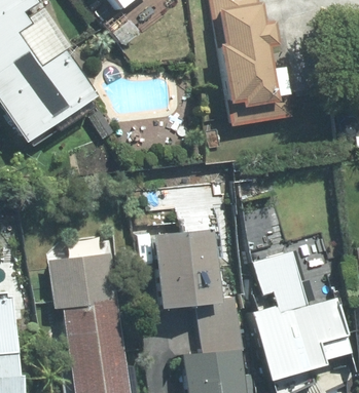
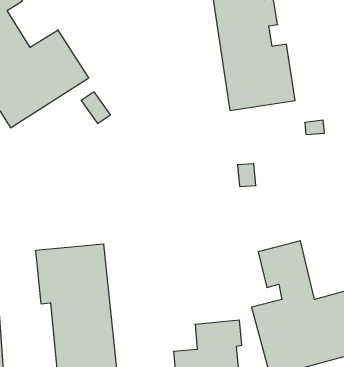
building: [148,230,240,329] -> none

